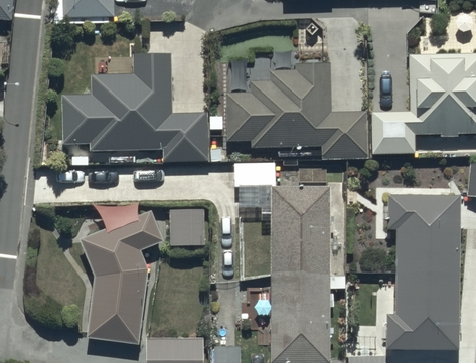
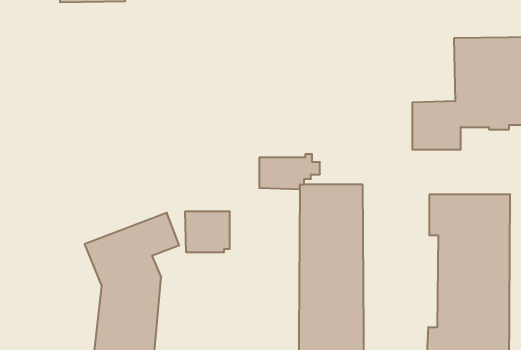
building: [61,54,209,161] -> none
building: [226,61,368,160] -> none

